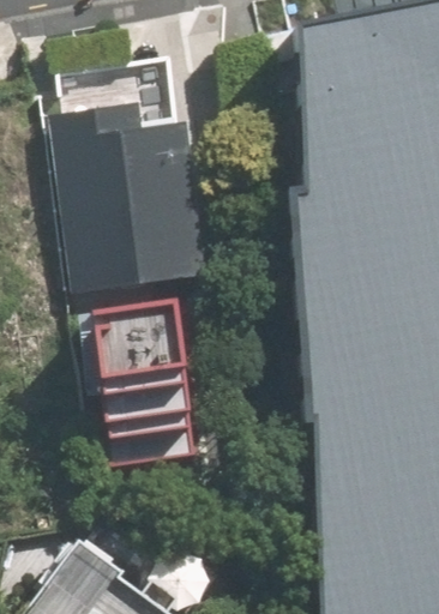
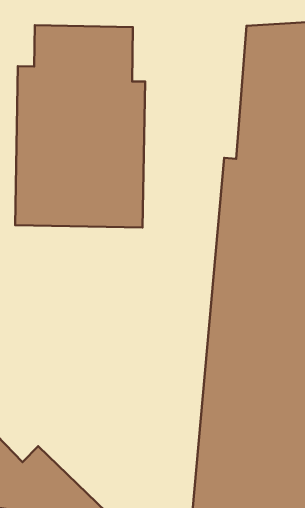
building: [92,311,187,441] -> none

